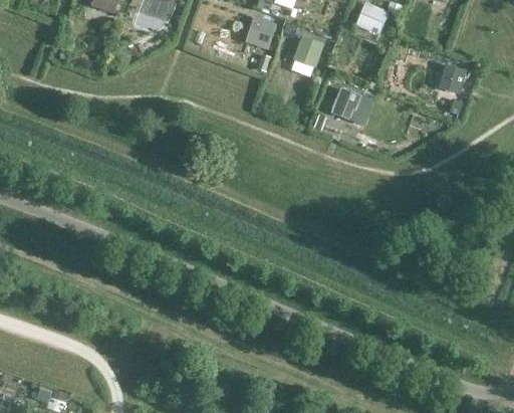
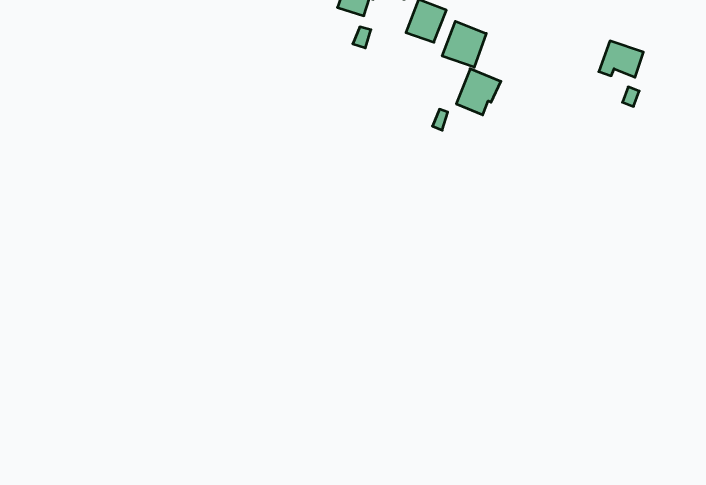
building: none -> [442,21,486,67]

